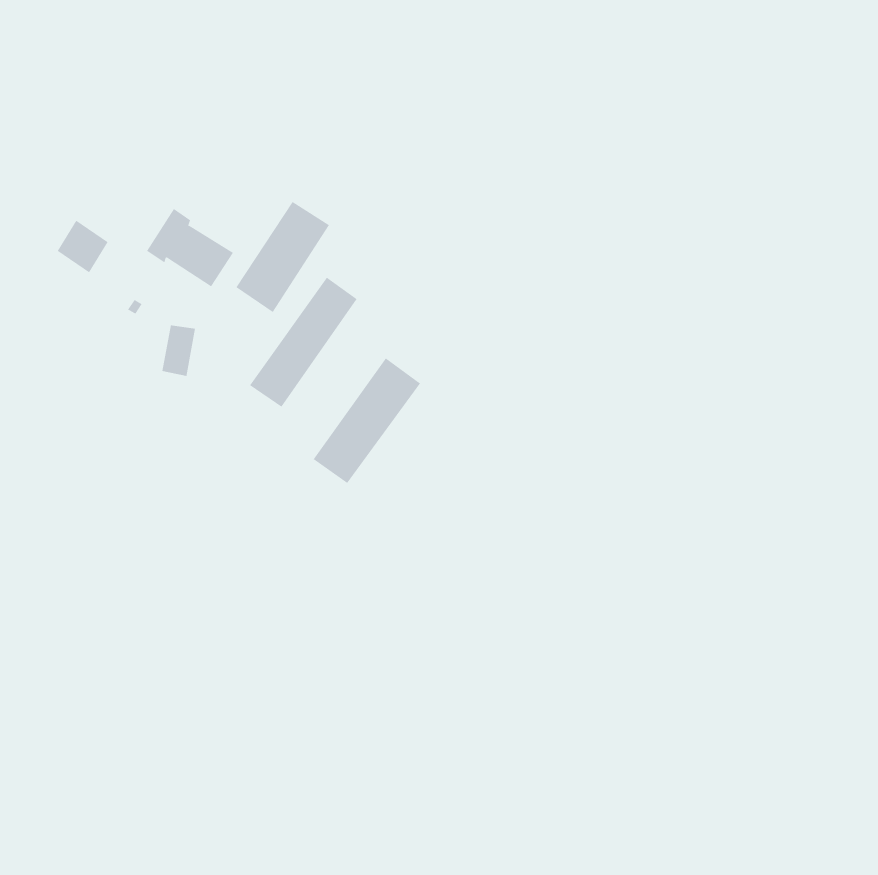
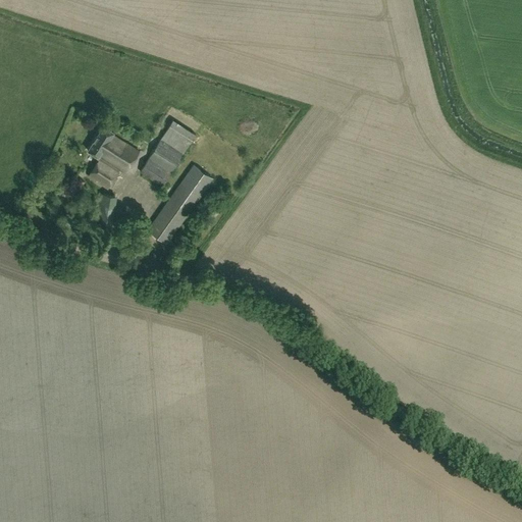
building: [57,220,108,273] -> [89,158,119,190]
building: [313,357,421,484] -> none

